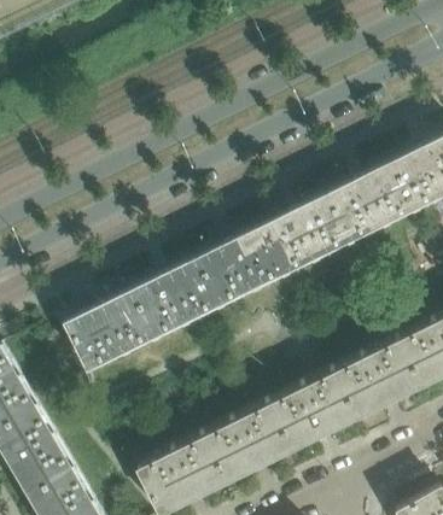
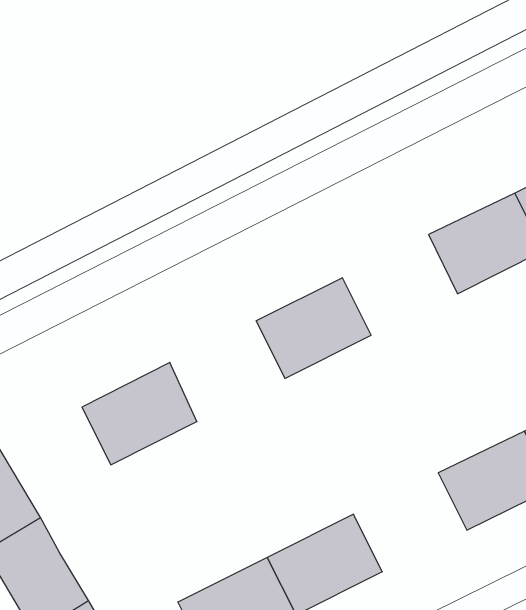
building: [262,193,349,269] -> none
building: [132,258,218,334] -> none
building: [270,373,356,447] -> none

